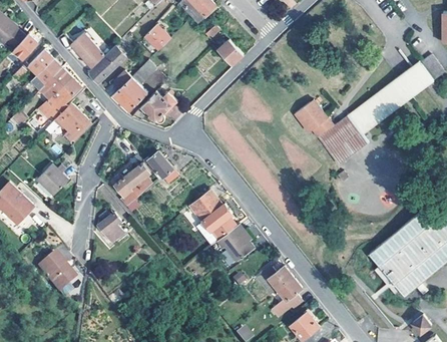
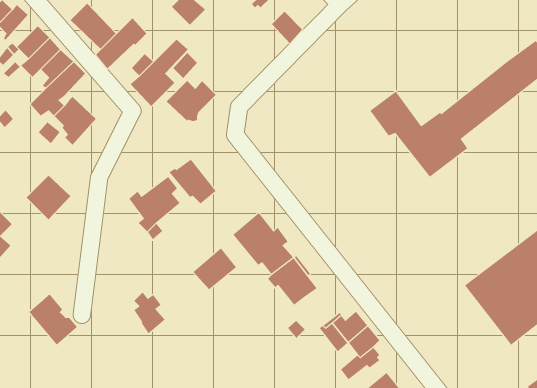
building: [99,211,123,243] -> [133,292,165,334]
building: none -> [193,248,237,290]

